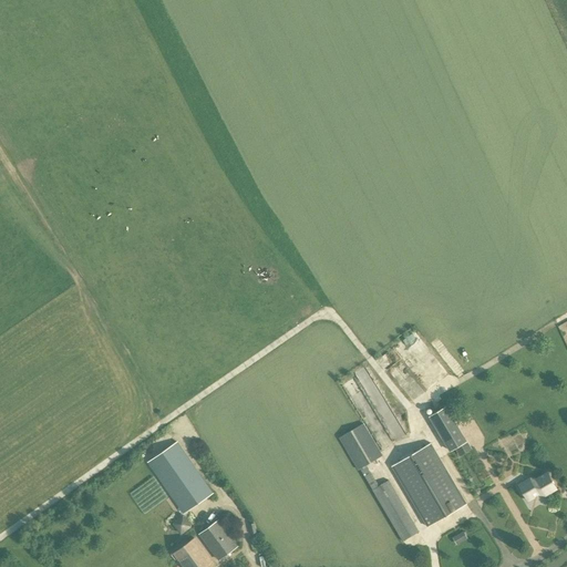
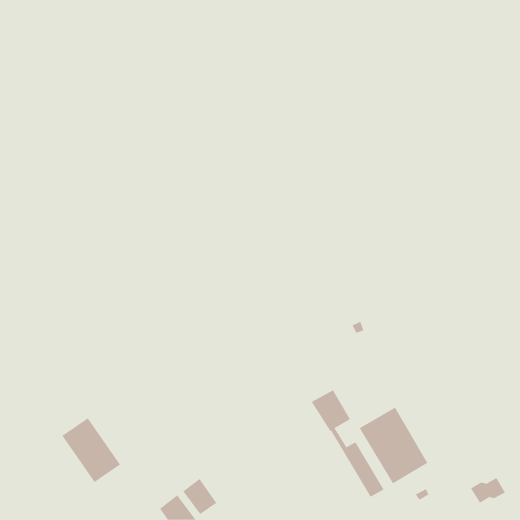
building: [429,406,470,454] -> none
building: [147,442,212,513] -> [62,418,121,483]
building: [517,472,556,501] -> [470,477,506,504]

